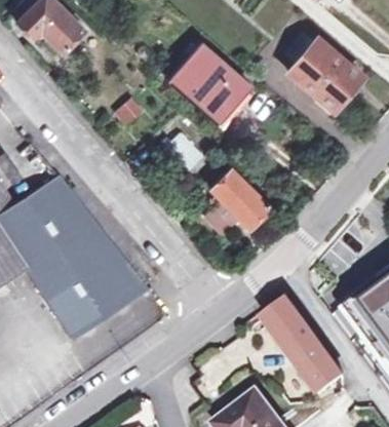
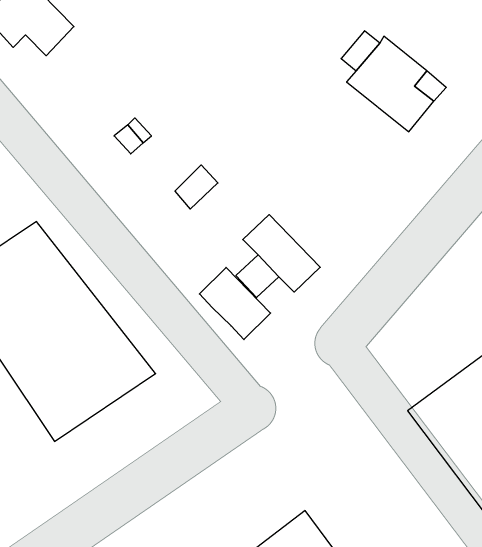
building: [173,45,250,120] -> none
building: none -> [199,267,271,340]
building: [262,299,343,393] -> none

